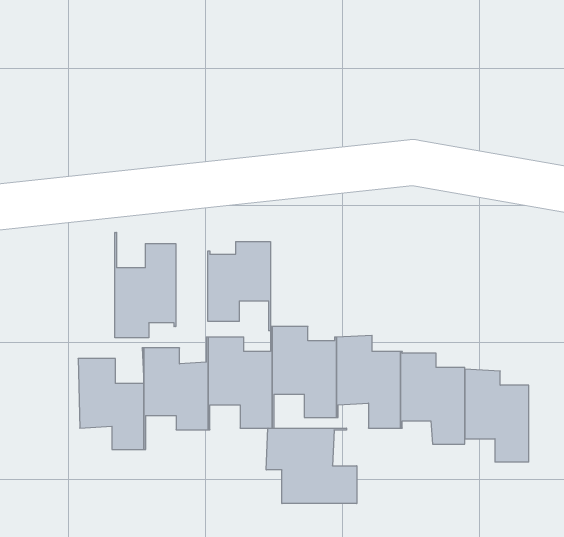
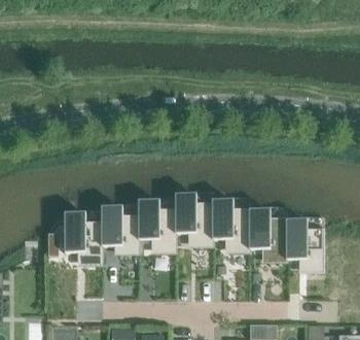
building: [115,232,176,338] -> none
building: [208,242,270,331] -> none
building: [266,428,357,504] -> none

